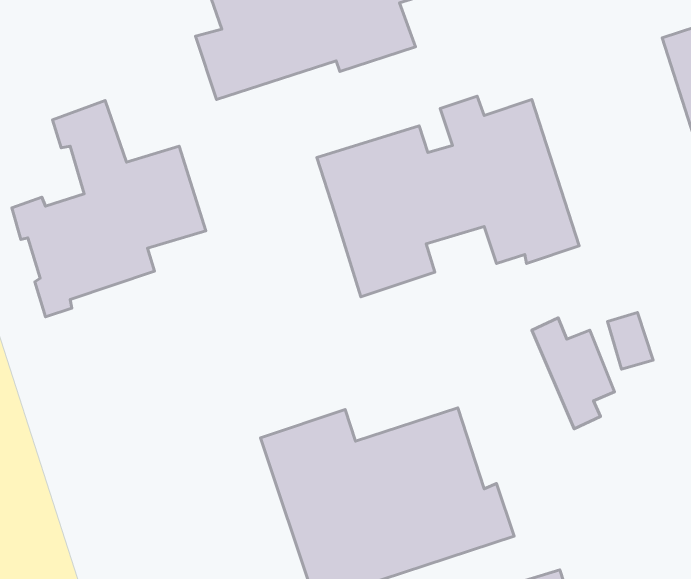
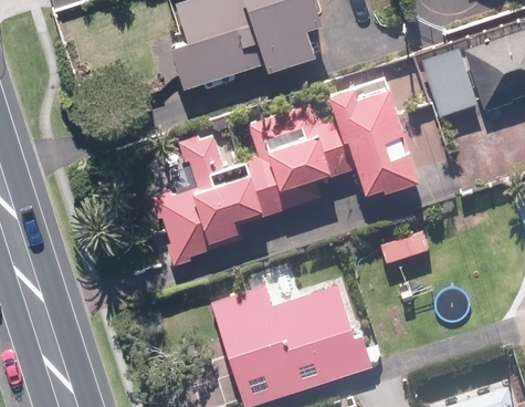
building: none -> [424,51,476,117]
building: [12,100,206,317] -> [154,132,275,268]

